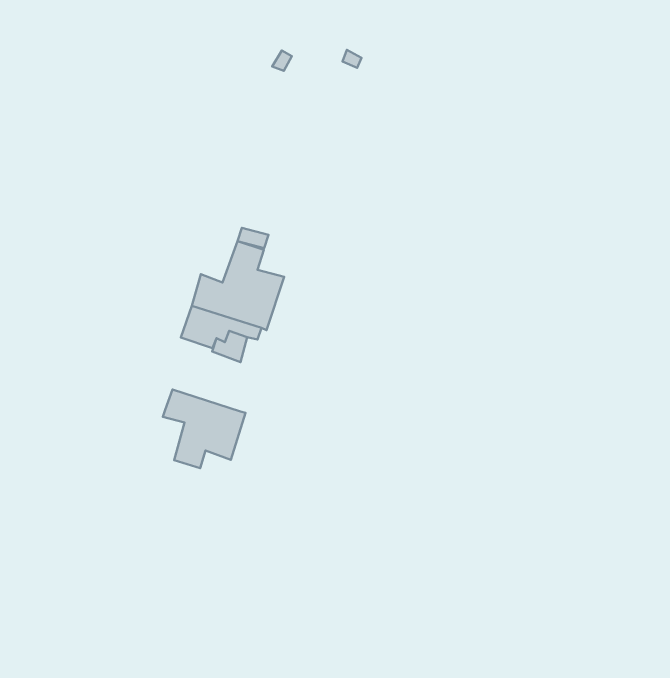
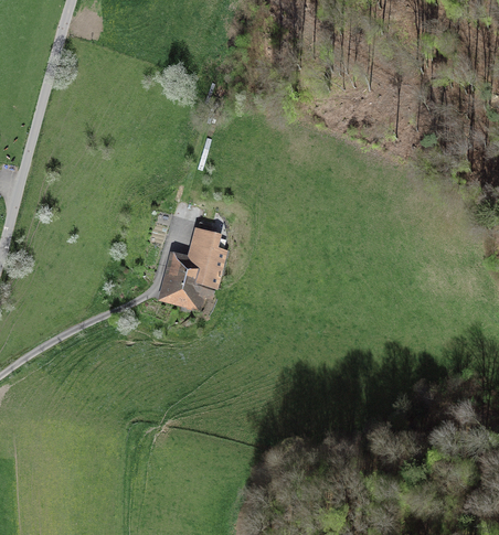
building: [163,390,246,468] -> none

